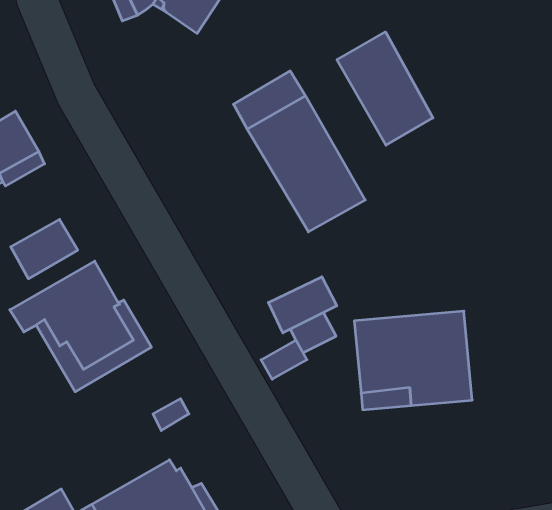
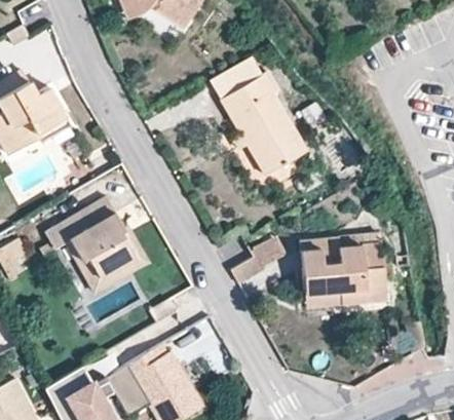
building: [337,32,433,145] -> none
building: [11,219,78,279] -> none
building: [268,277,337,333] -> none

